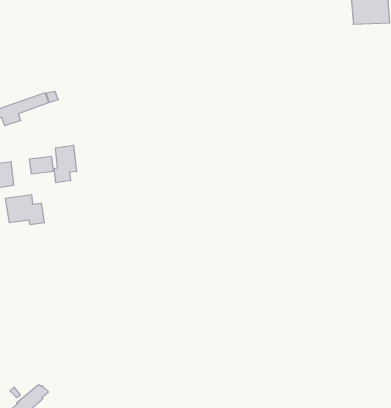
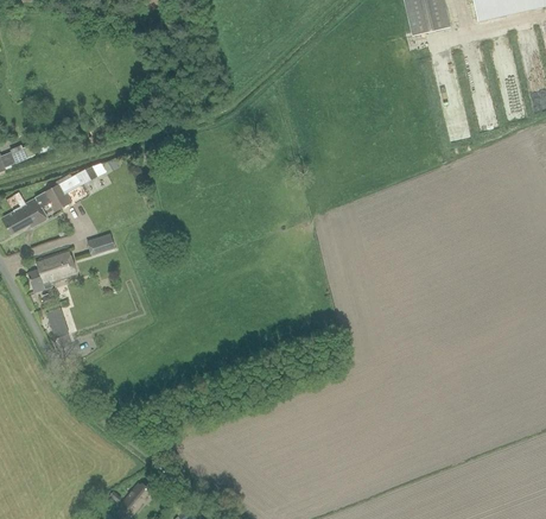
building: [54,145,77,183] -> none
building: [5,195,44,225] -> none

